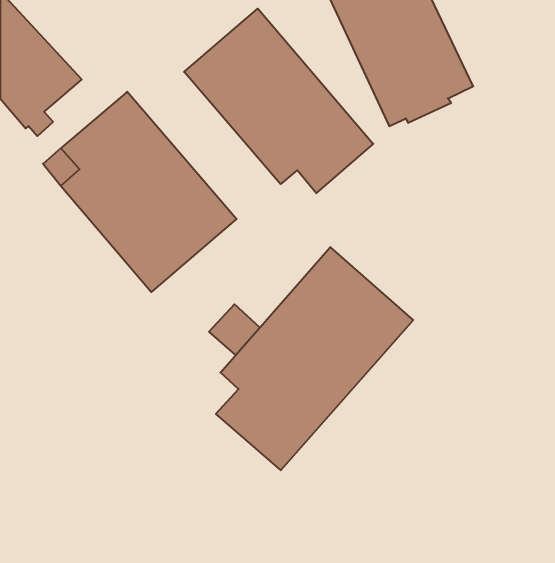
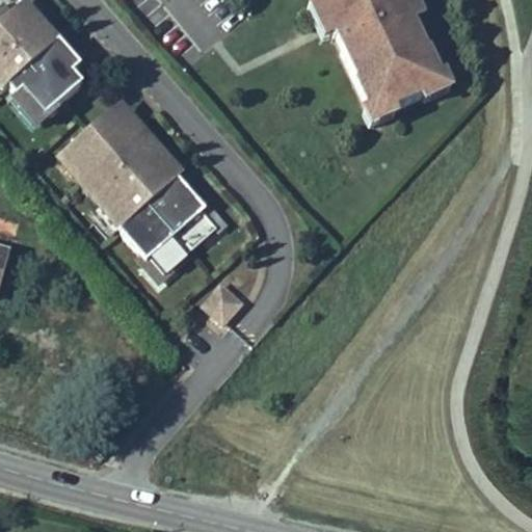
building: [184,9,373,193] -> none
building: [216,247,413,470] -> none

